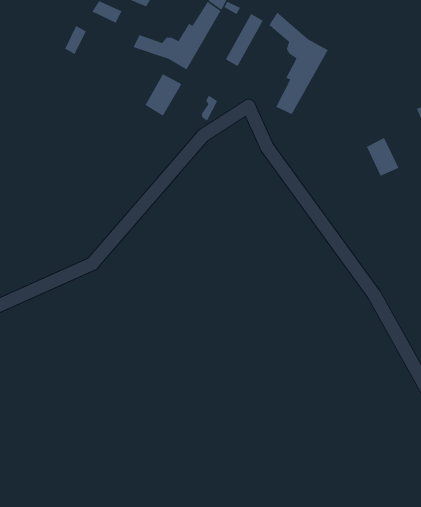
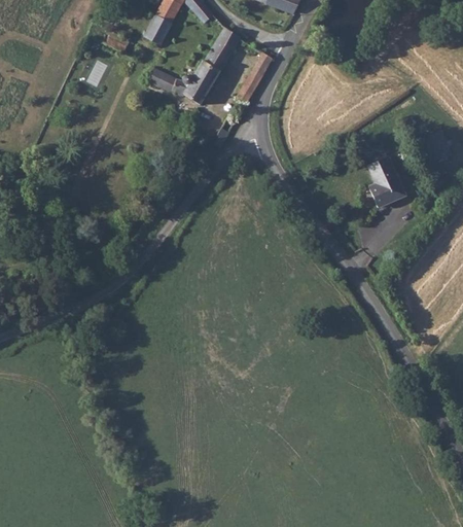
building: [268,12,329,115] -> none
building: [145,73,182,117] -> none

